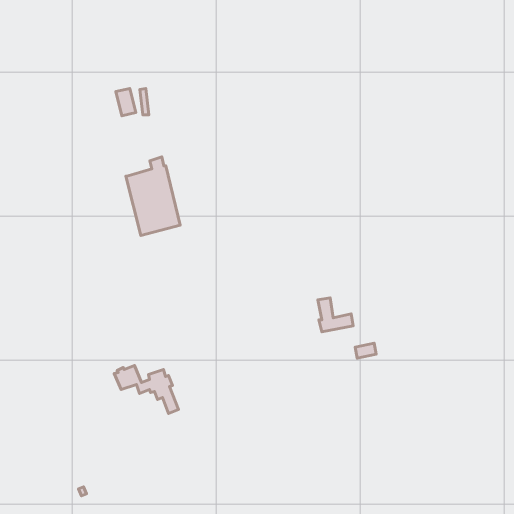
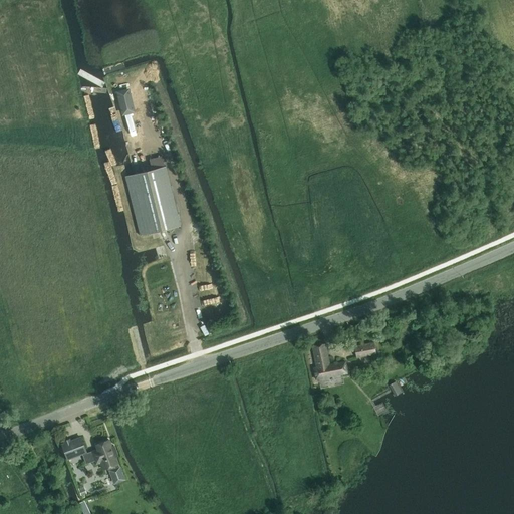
building: [318,298,353,332] -> [312,345,347,379]
building: [114,365,179,414] -> [60,436,124,484]

